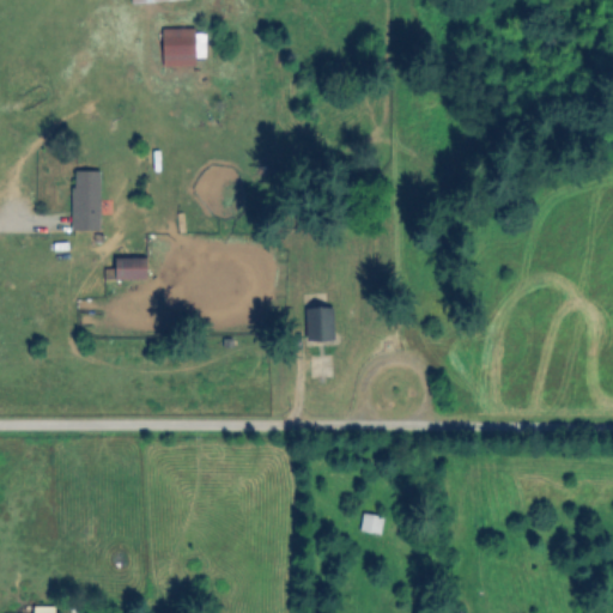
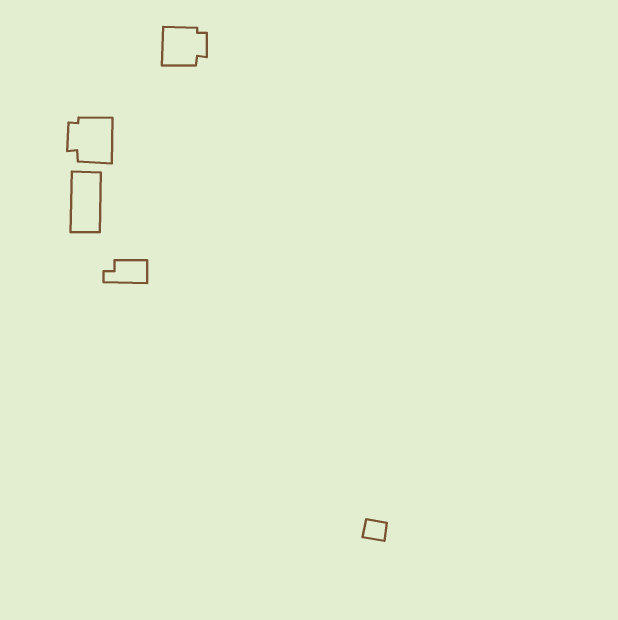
building: none -> [67,117,113,164]
building: [306,306,336,341] -> none

